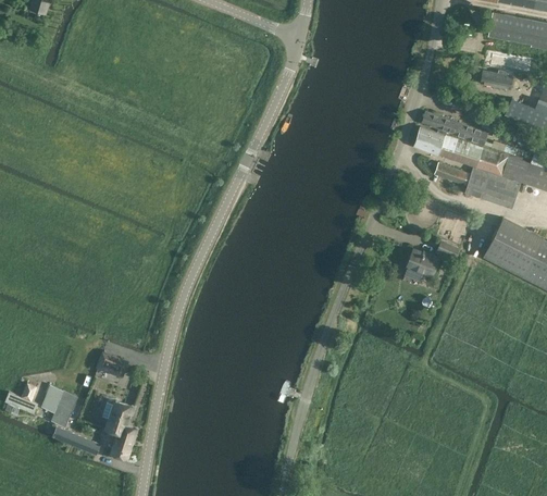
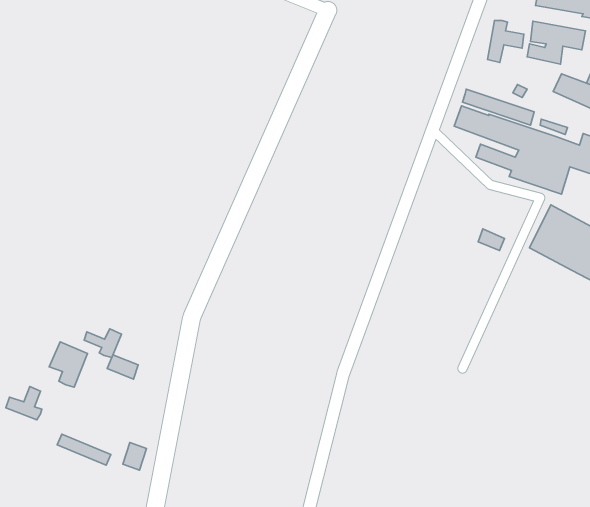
building: none -> [487,20,524,62]
building: [407,250,438,275] -> none
building: none -> [84,329,122,358]
building: [42,385,77,426] -> [49,342,87,387]
building: [102,401,137,438] -> none

